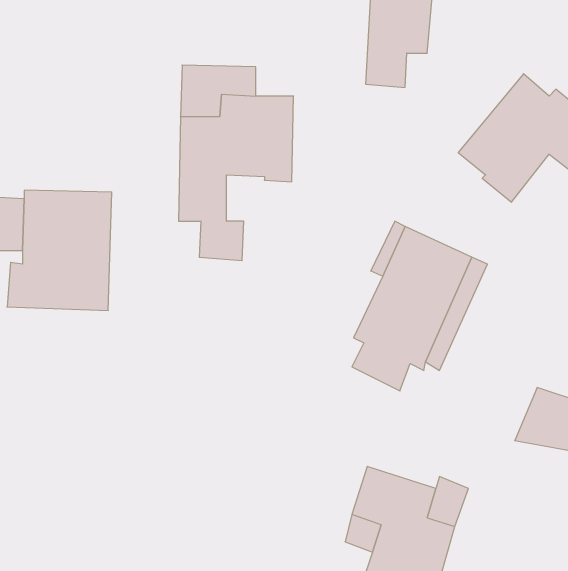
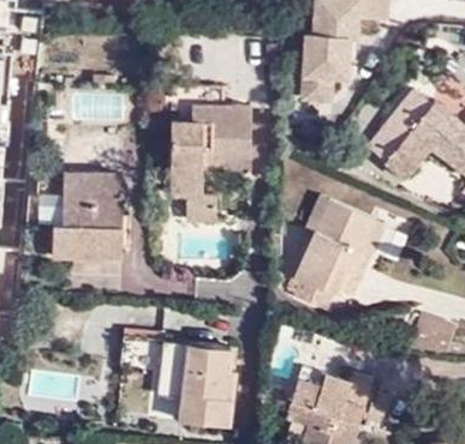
building: none -> [125,330,236,425]

